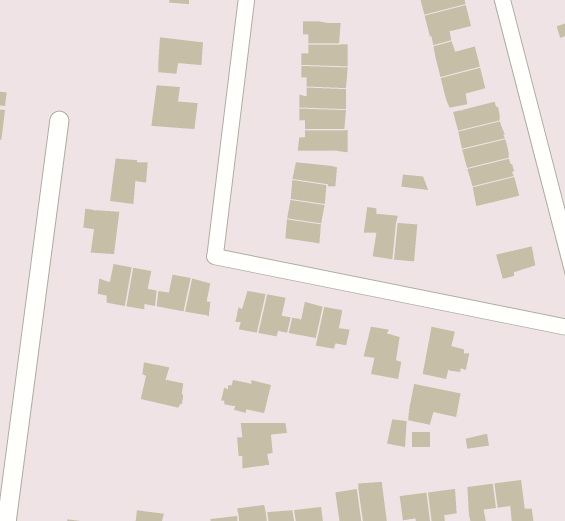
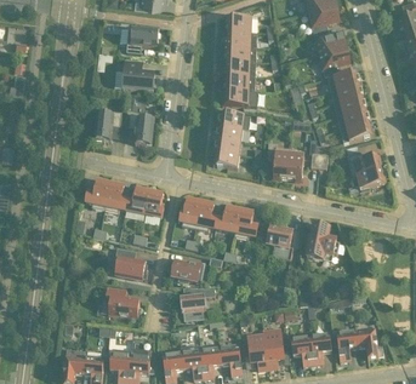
building: [83,208,120,255] -> [130,114,155,145]
building: none -> [347,153,382,177]
building: [408,383,461,426] -> none
building: none -> [107,288,139,319]

